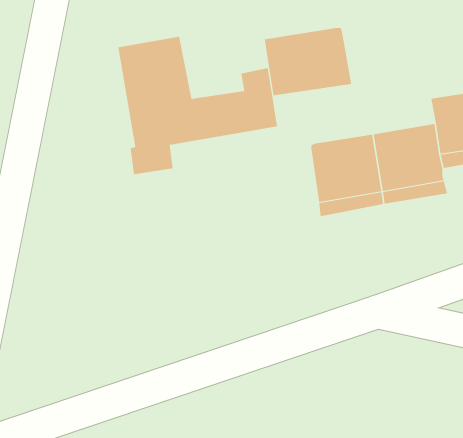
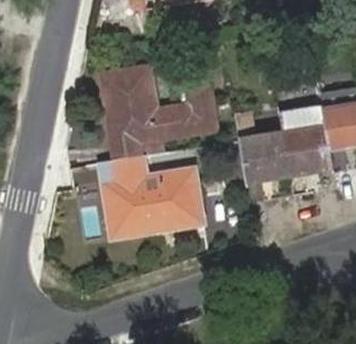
building: [264,27,352,96] -> none
building: none -> [100,155,201,231]

